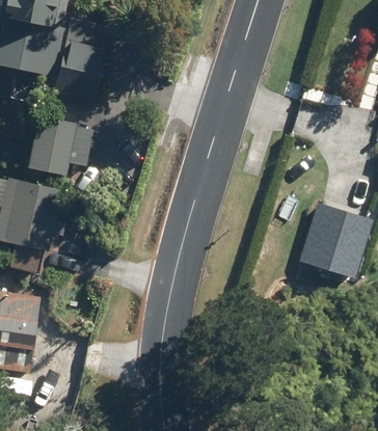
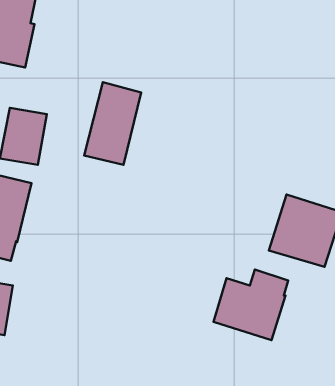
building: [52,19,109,102] -> [84,82,141,165]
building: none -> [213,270,288,340]

